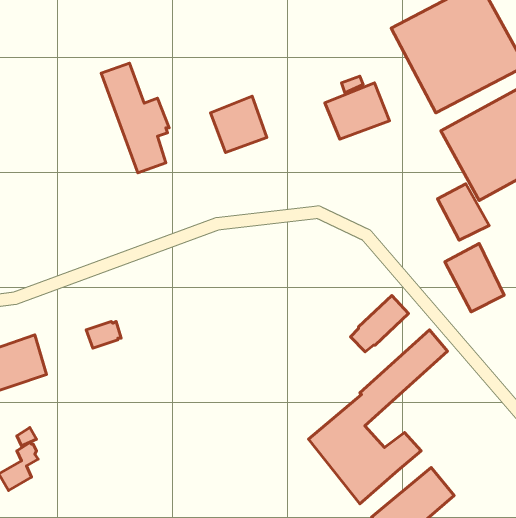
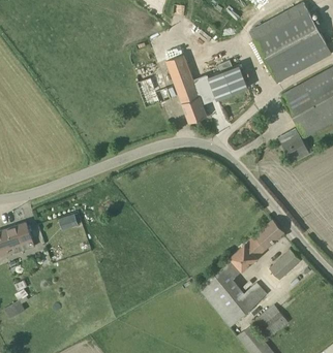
building: [101,63,169,173] -> [165,55,208,123]
building: [445,243,504,312] -> none
building: [350,295,408,352] -> [264,249,300,284]

